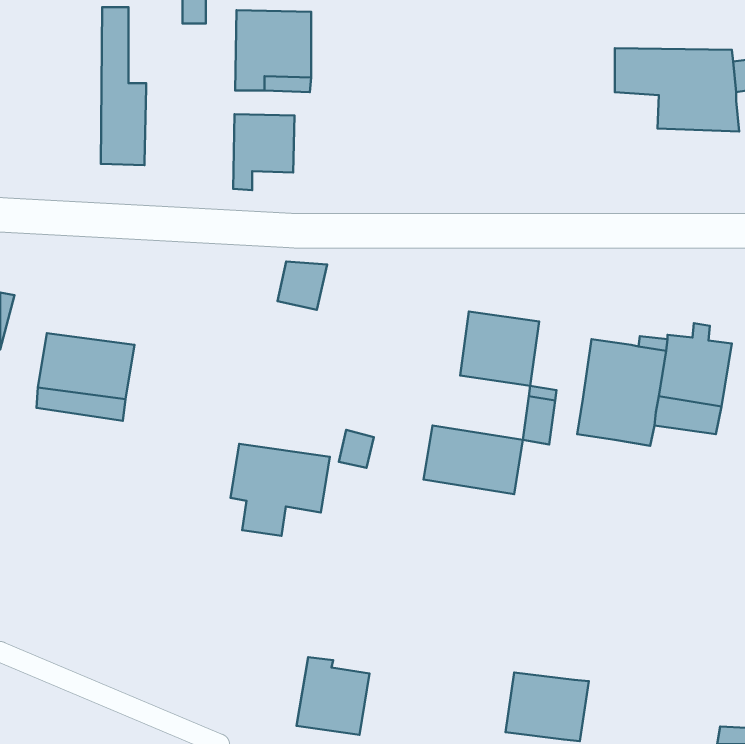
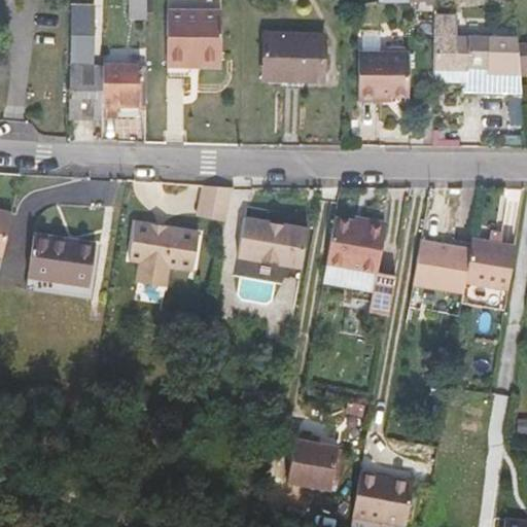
building: none -> [265,33,324,79]
building: none -> [361,49,410,97]
building: [233,114,295,190] -> [103,62,146,115]
building: [424,425,523,494] -> [237,218,307,267]
building: [230,444,330,536] -> [130,221,200,286]
building: [297,657,370,735] -> [289,441,341,495]

